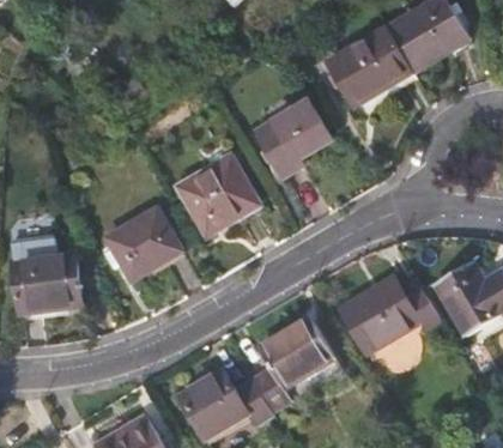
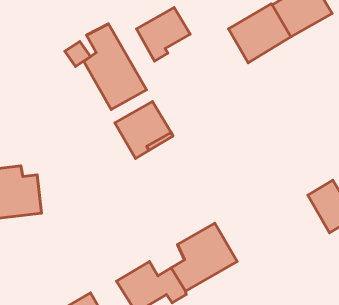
building: none -> [84,24,146,109]
building: [260,105,332,177] -> [136,7,190,61]
building: [107,211,180,280] -> none
building: [341,280,440,353] -> none

